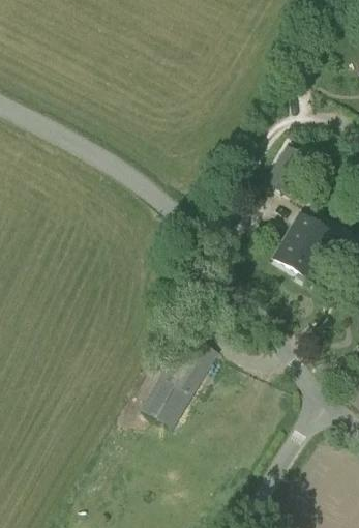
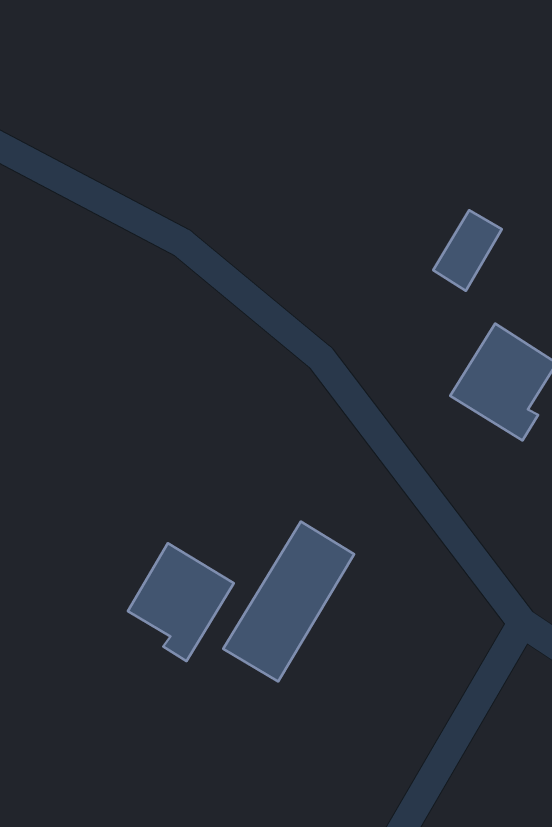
building: none -> [128,543,234,661]

